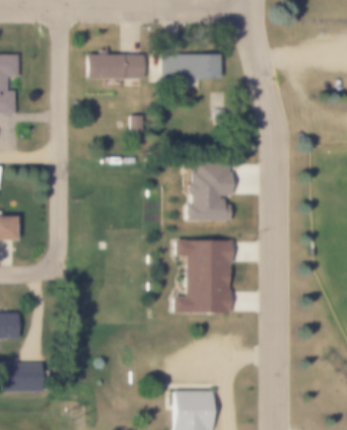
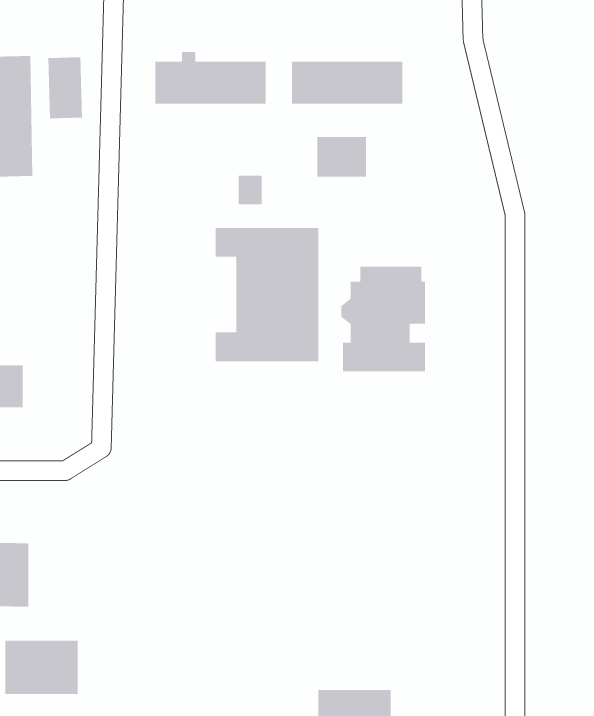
building: none -> [48,57,83,119]
building: none -> [317,136,367,177]
building: [175,239,230,311] -> [215,227,319,362]

